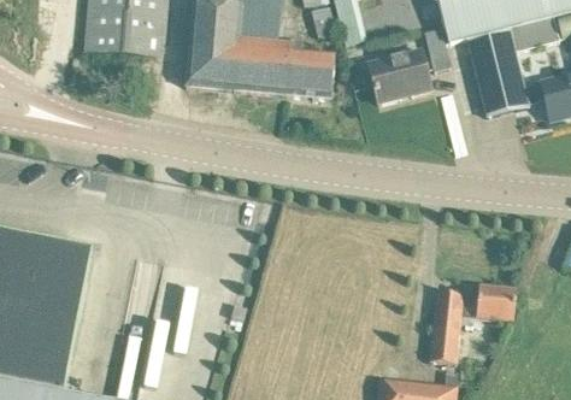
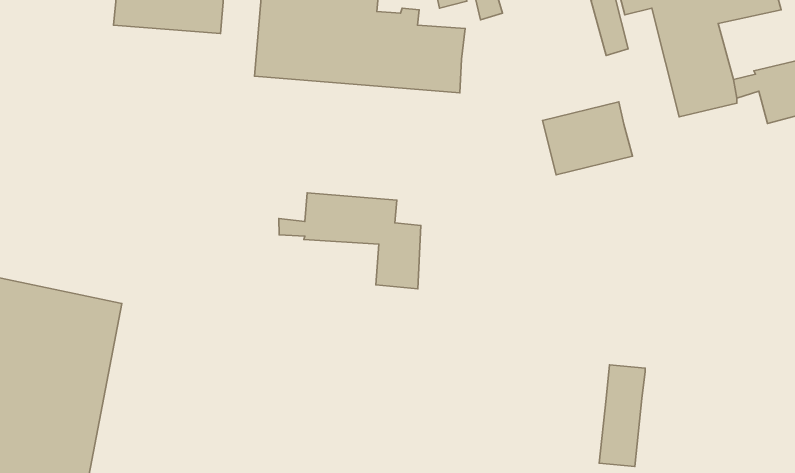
building: [367,49,431,101] -> [542,102,632,175]
building: none -> [279,193,421,289]
building: [460,284,517,319] -> none

